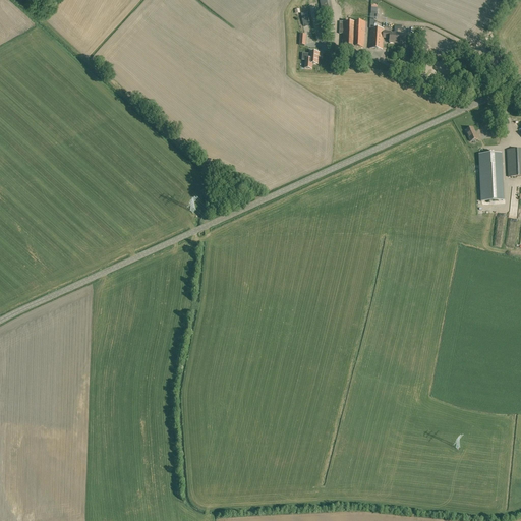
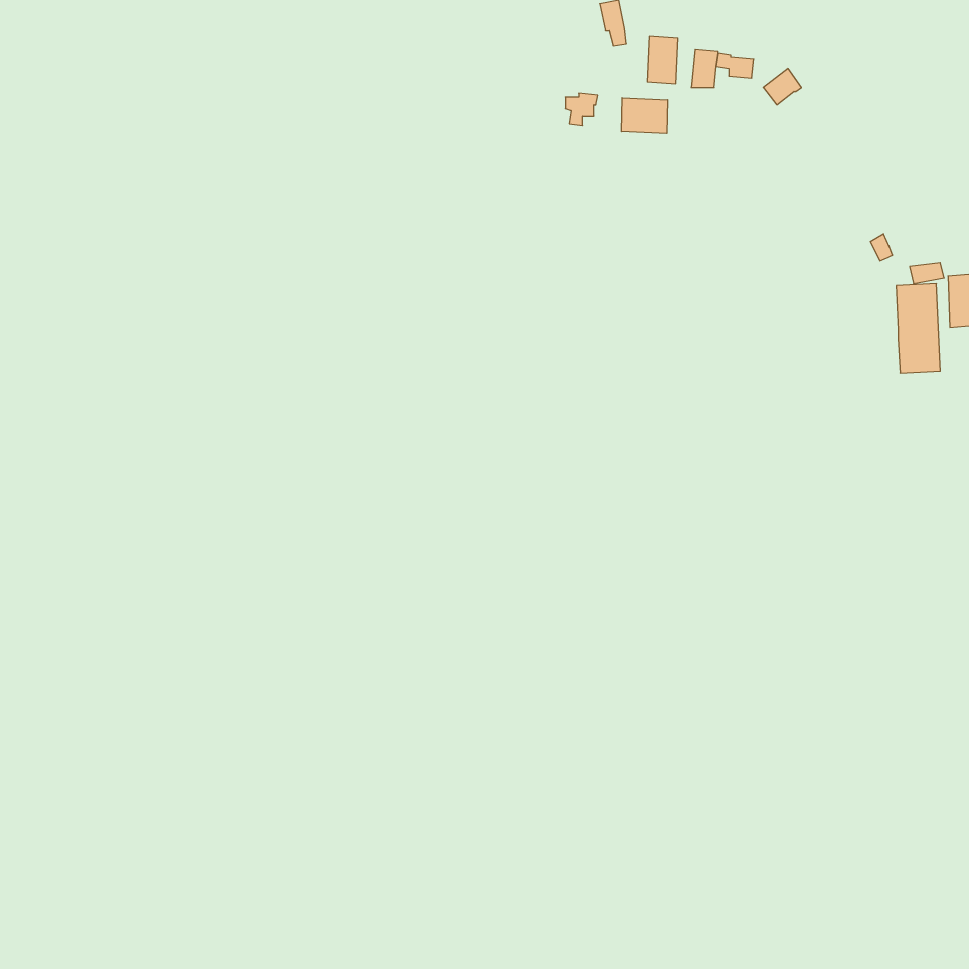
building: none -> [621,98,668,133]

